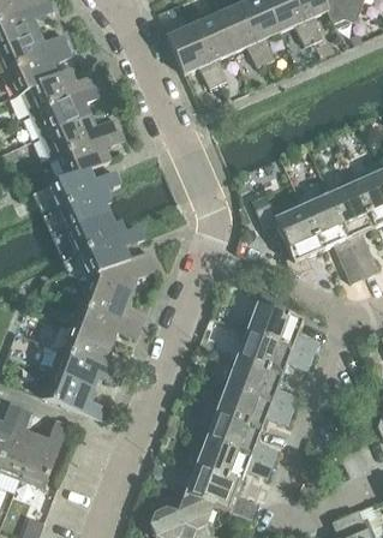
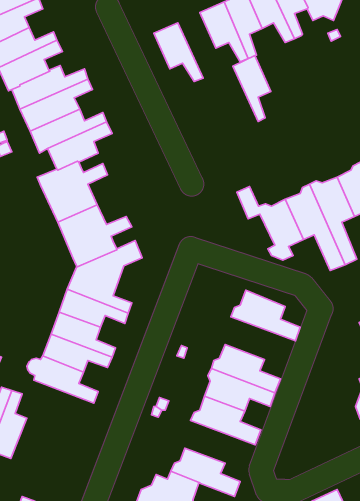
building: [192,13,232,82] -> [233,56,271,121]
building: [241,330,315,375] -> none
building: [18,420,67,488] -> none
building: [199,438,273,483] -> none

